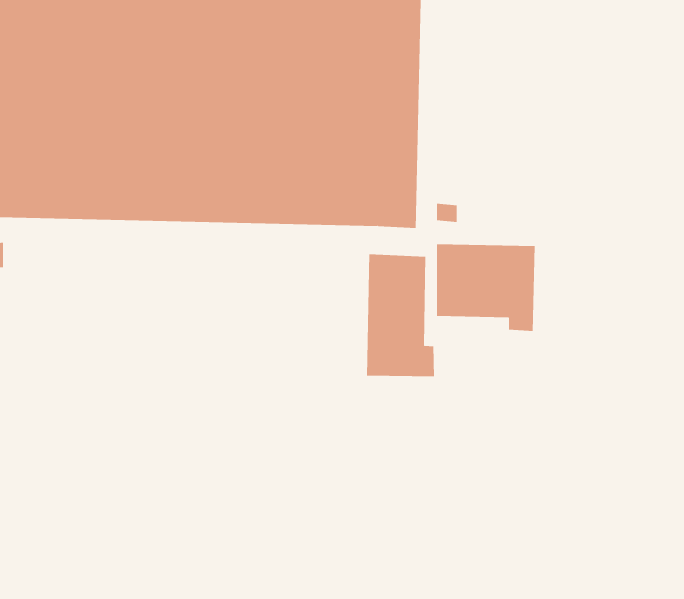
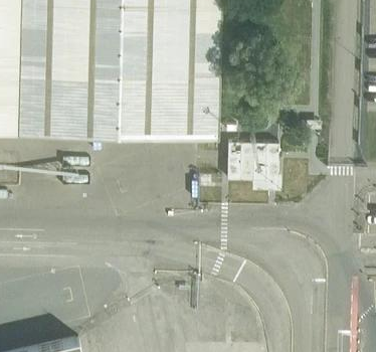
building: [367,253,434,377] -> none

